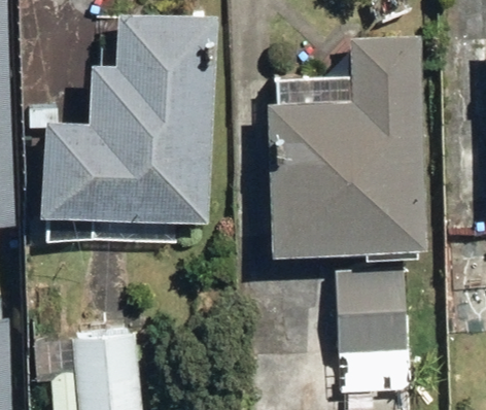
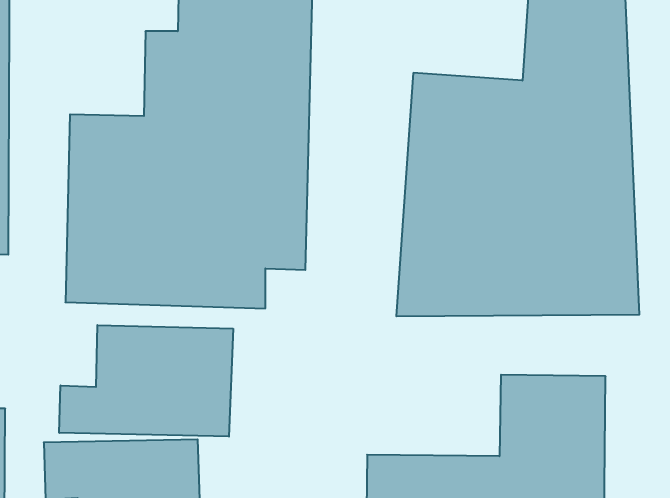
building: none -> [59,325,233,437]

